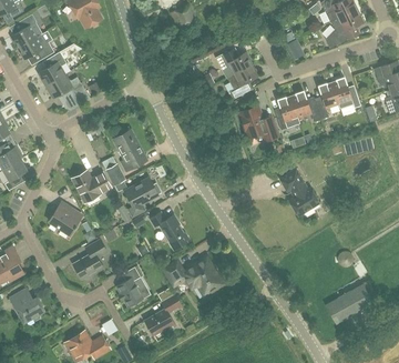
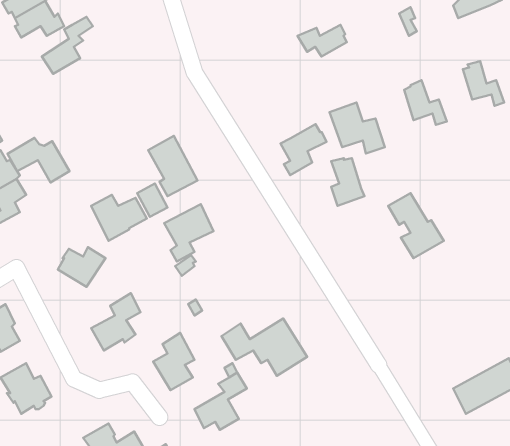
building: [226,63,258,99] -> [281,124,327,175]
building: [45,74,89,105] -> [8,138,69,182]
building: [315,82,338,119] -> none
building: [276,97,299,130] -> [331,158,364,206]
building: [150,212,188,249] -> none

